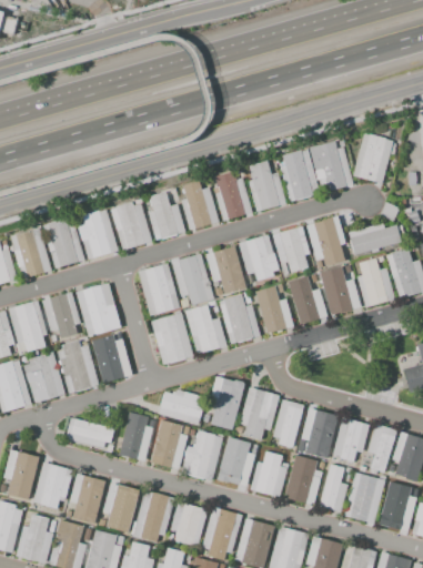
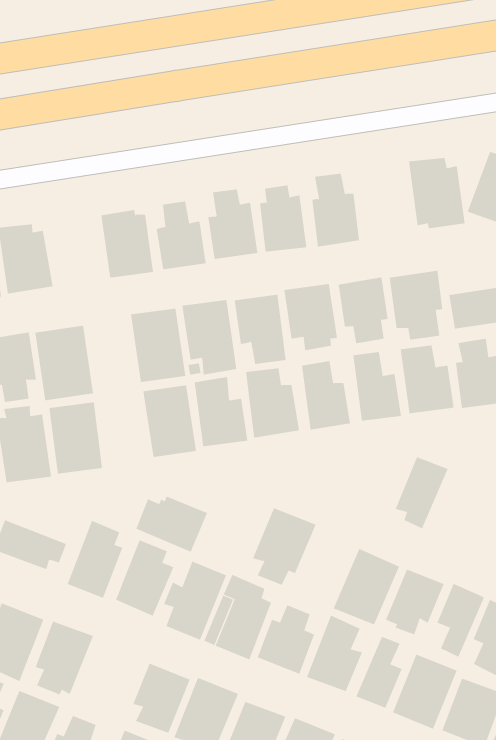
building: [278,149,319,202] -> none
building: [79,210,118,260] -> none
building: [207,378,244,429] -> none
building: [272,400,304,448] -> [395,457,448,529]
building: [132,490,174,542] -> none

